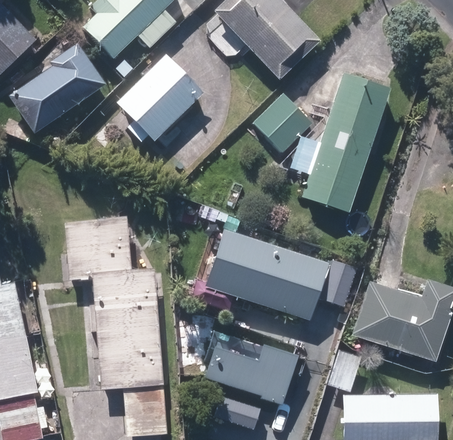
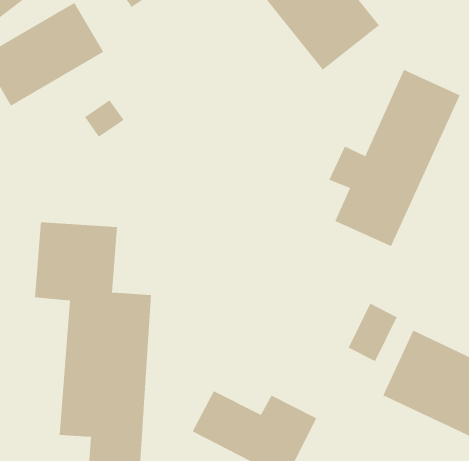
building: [115,53,204,142] -> none
building: [253,92,313,152] -> none
building: [202,227,328,320] -> none

